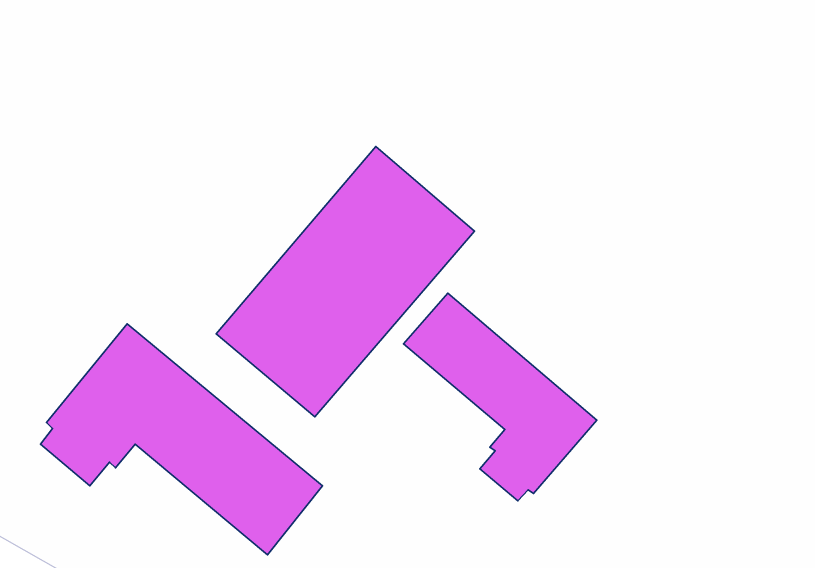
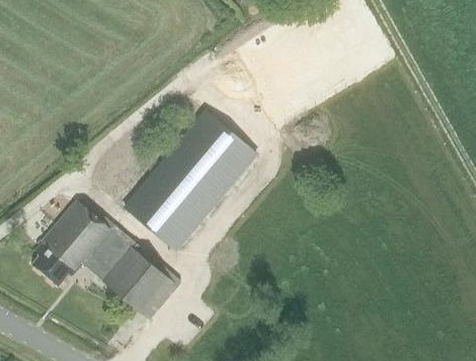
building: [403,293,597,501] -> none

